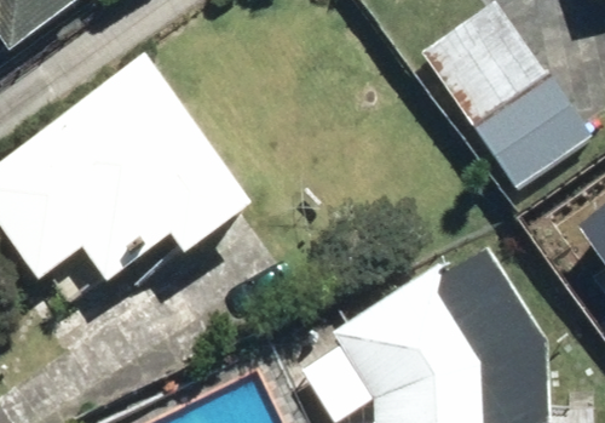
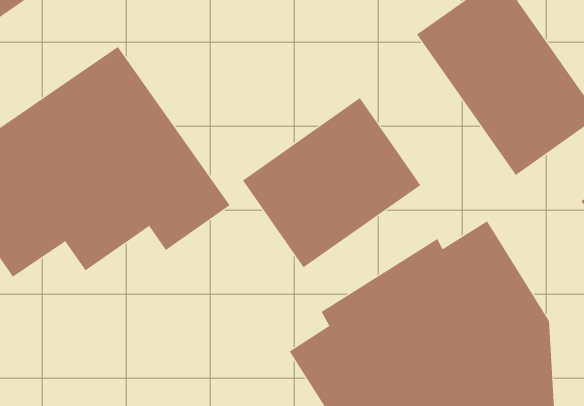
building: none -> [242,97,421,268]

